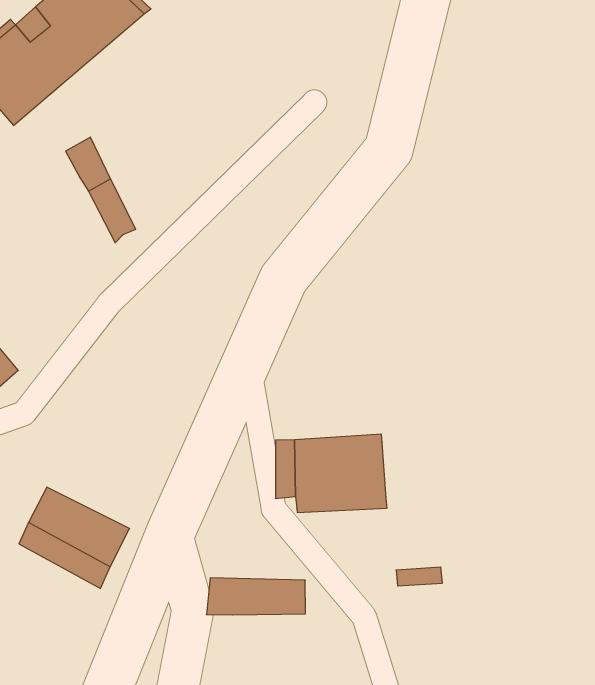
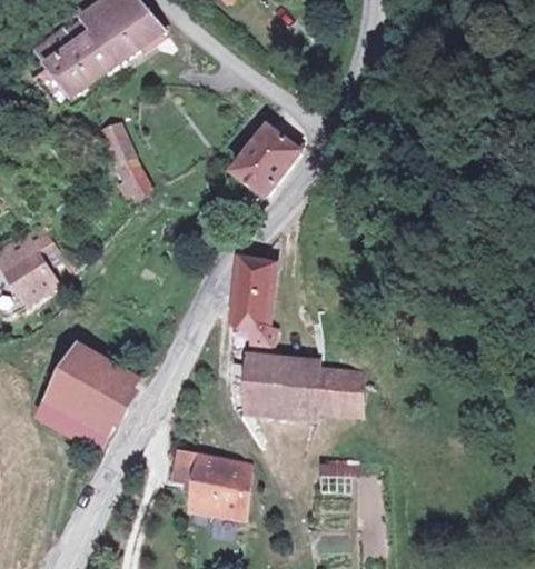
building: none -> [228,132,300,219]
building: none -> [240,257,280,342]
building: none -> [318,366,364,410]
building: none -> [60,347,136,412]
building: none -> [189,486,248,518]

